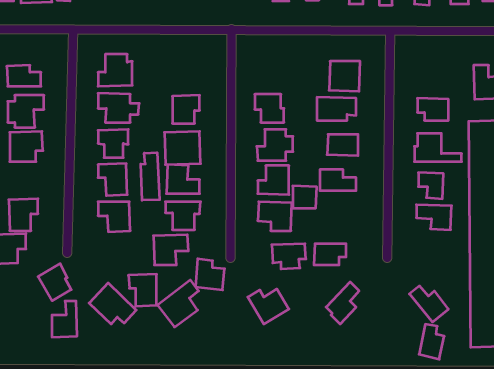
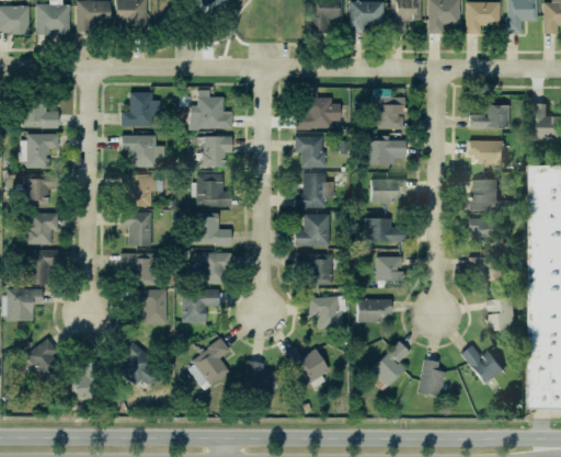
building: none -> [187,91,236,135]
building: none -> [293,98,337,129]
building: none -> [470,105,511,128]
building: [141,153,160,200] -> none
building: none -> [27,213,58,244]
building: [293,186,317,208] -> [377,256,403,281]
building: none -> [488,298,516,332]
building: [196,259,225,290] -> [245,361,277,395]
building: [38,264,71,301] -> [26,339,62,379]
building: [128,274,157,306] -> [137,289,168,324]
building: [419,324,444,359] -> [419,359,446,398]

